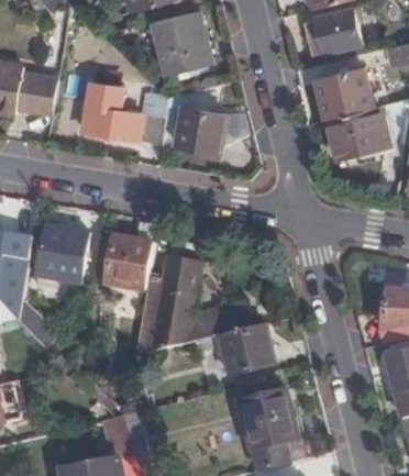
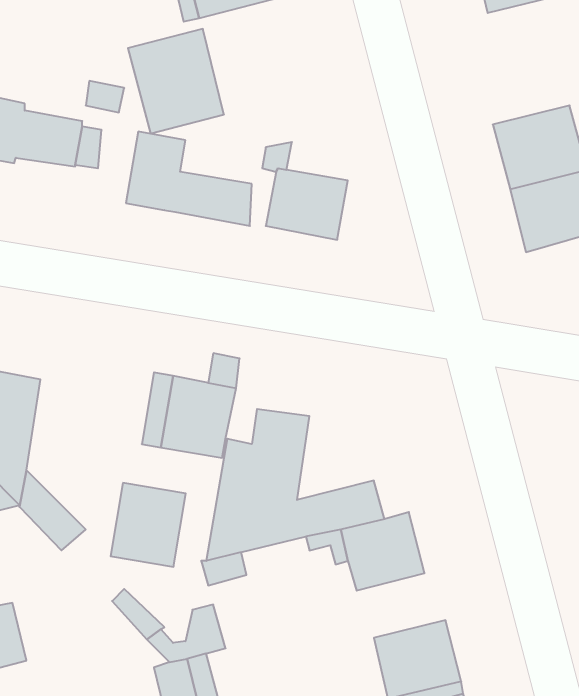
building: [152,10,212,76] -> [128,29,224,134]
building: [303,11,358,56] -> none
building: [37,229,85,281] -> [111,483,186,567]

